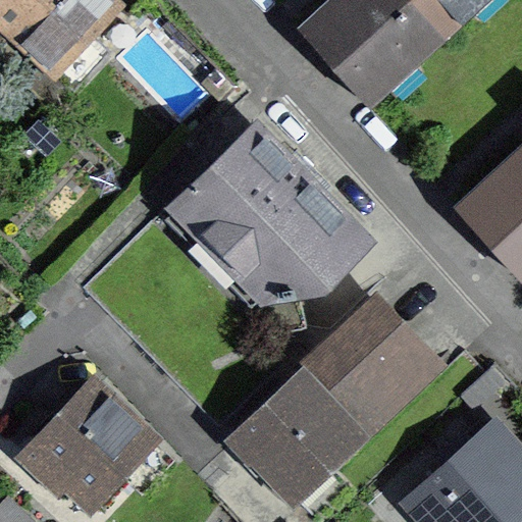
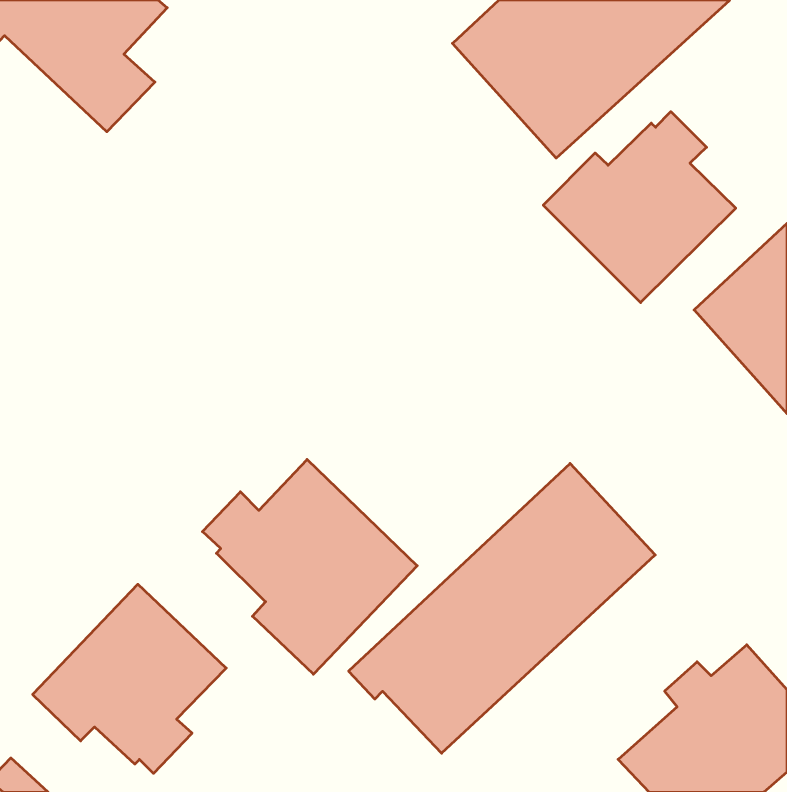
building: none -> [543,112,736,303]
building: [179,132,360,290] -> none
building: none -> [202,459,417,674]

